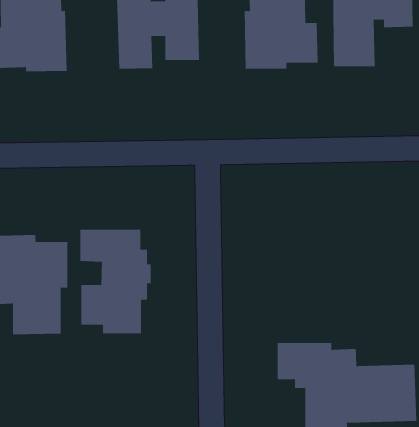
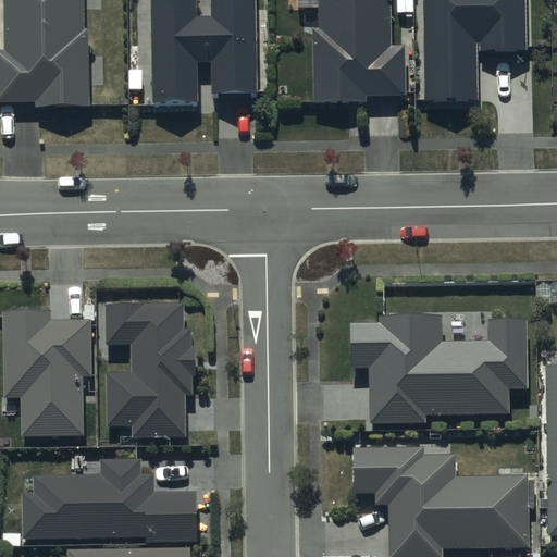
building: none -> [351,313,527,421]
building: none -> [23,459,198,542]

